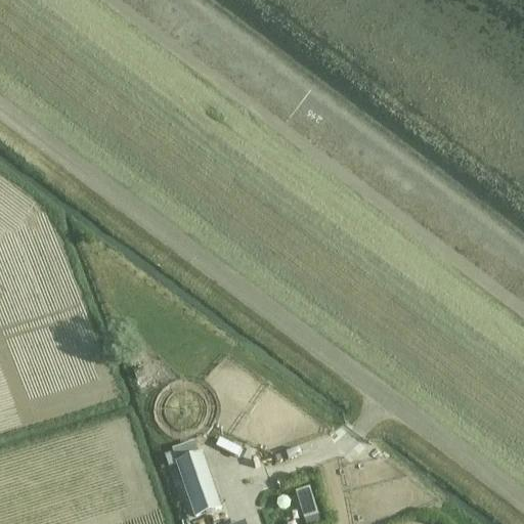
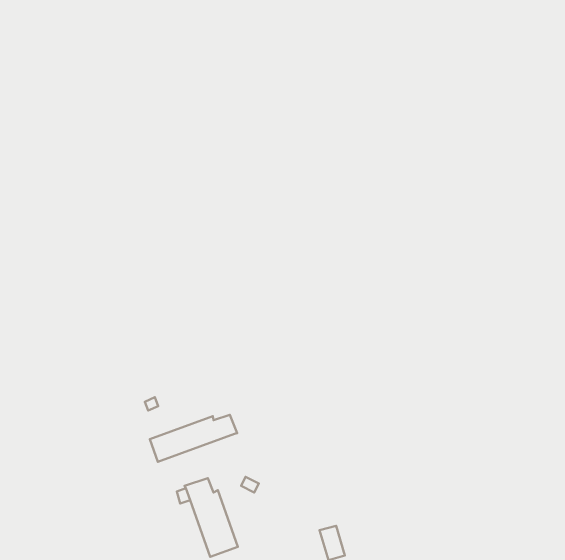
building: none -> [150,415,237,462]

